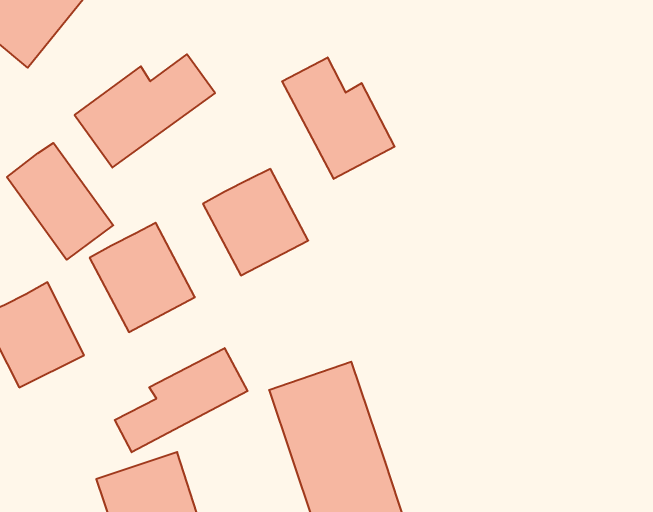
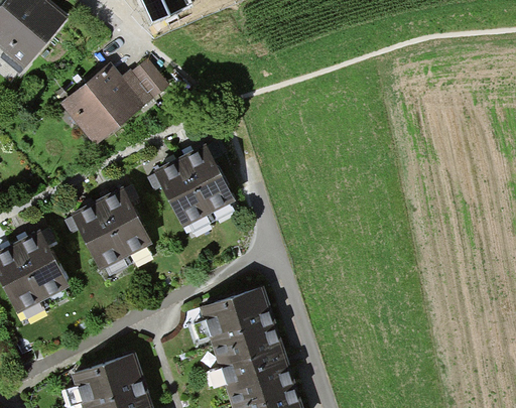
building: [282,57,395,179] -> none
building: [7,143,113,260] -> none
building: [115,348,248,452] -> none

